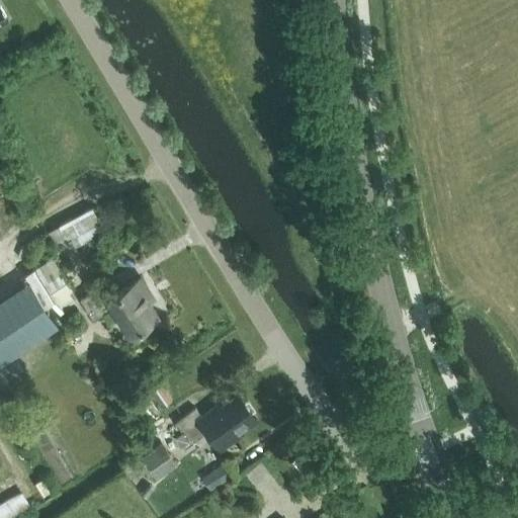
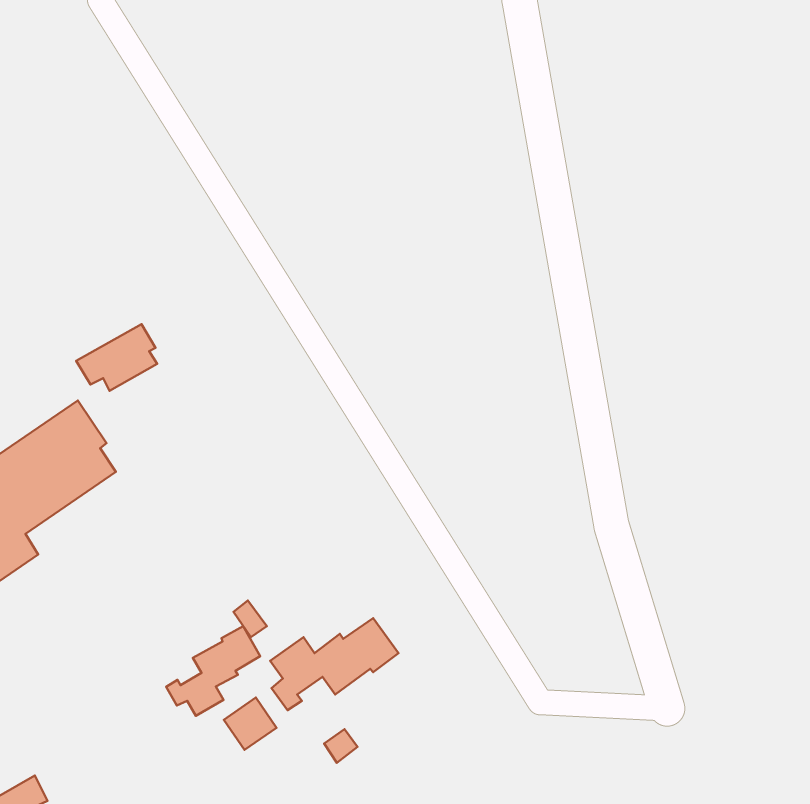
building: [79,283,156,338] -> none
building: none -> [166,626,260,716]

